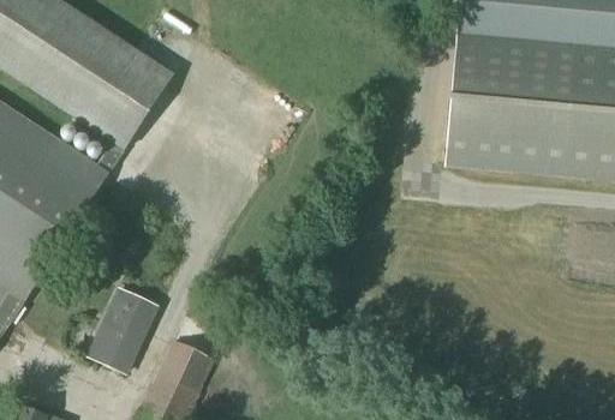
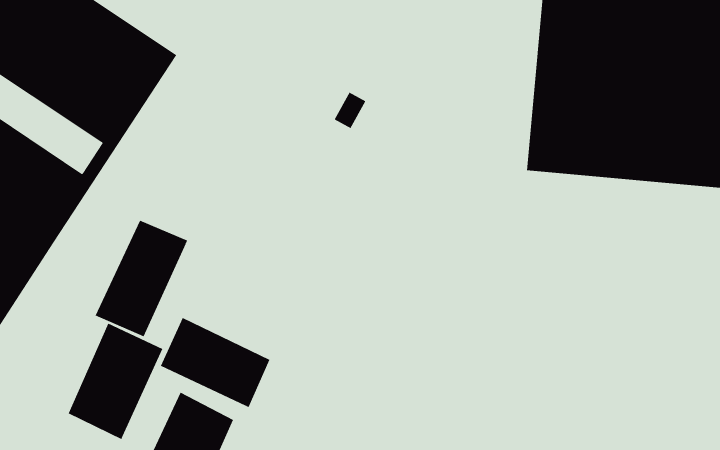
building: none -> [95,220,188,337]
building: none -> [160,317,270,408]

